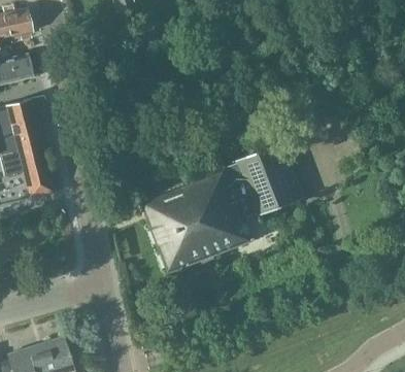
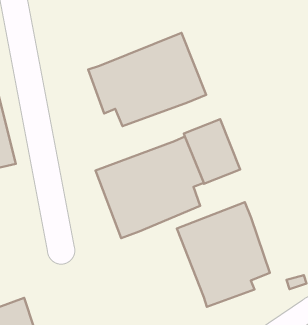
building: none -> [88,33,206,126]
building: none -> [177,202,270,307]

